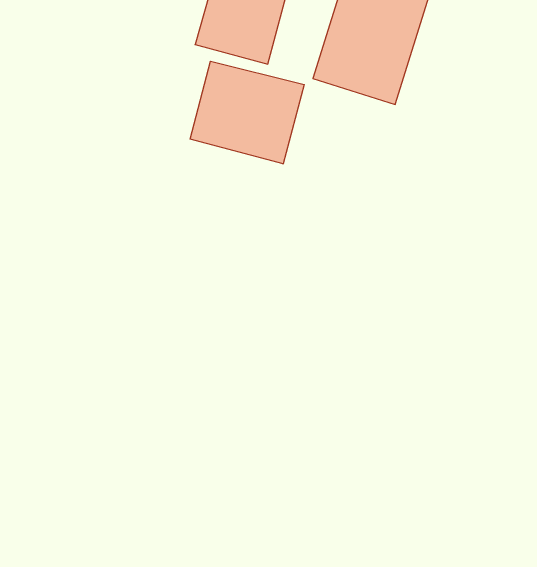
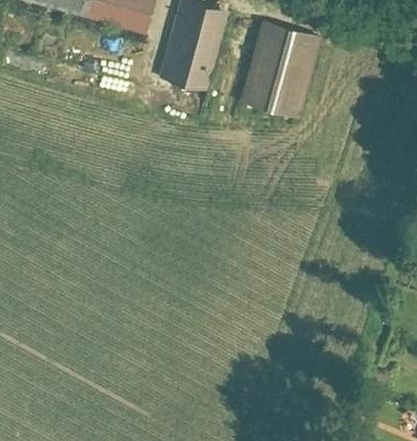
building: [190,61,304,164] -> none

